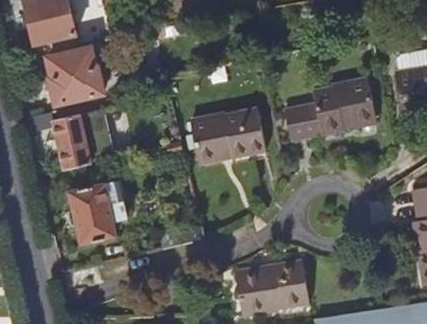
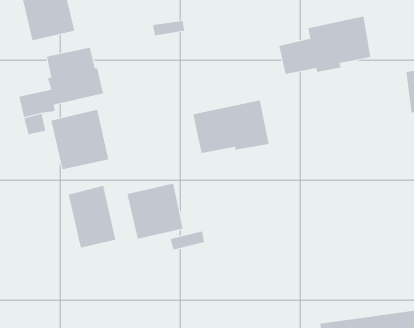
building: [285,79,375,136] -> [279,16,371,75]
building: none -> [127,183,183,240]
building: [236,259,310,316] -> none

